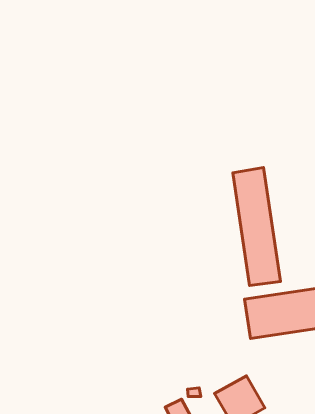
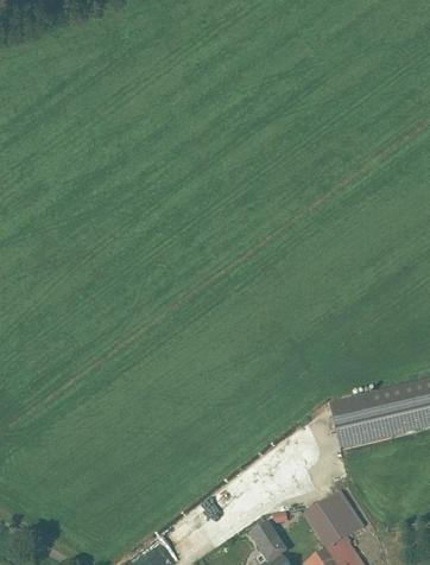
building: [233,168,280,286] -> none

